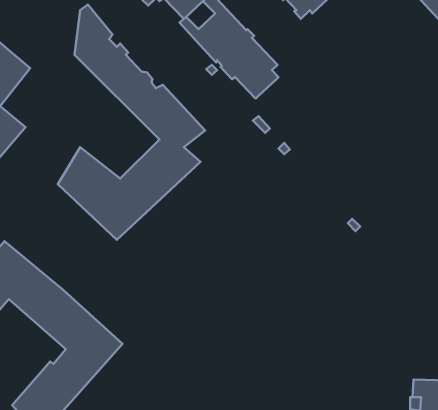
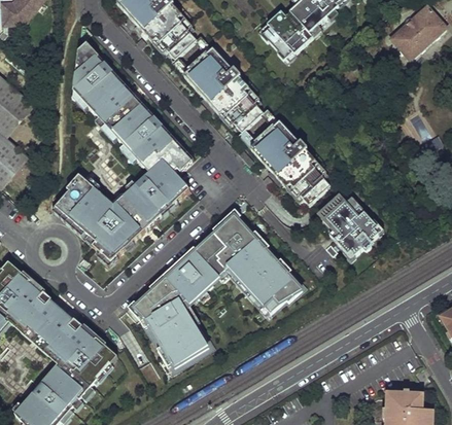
building: none -> [236,105,327,203]
building: none -> [317,194,376,259]
building: none -> [130,210,309,366]

